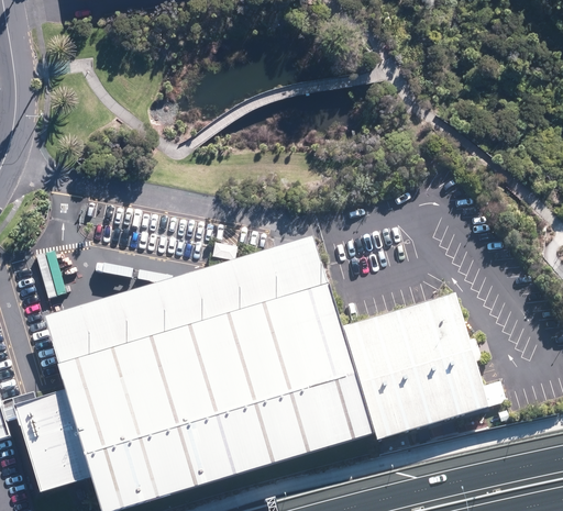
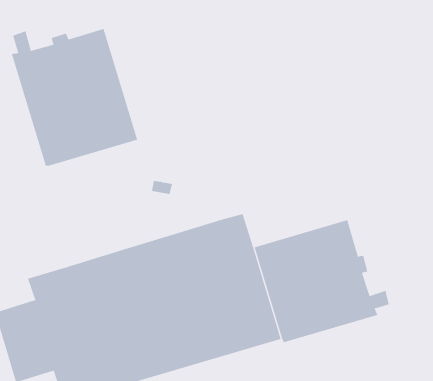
building: none -> [11,28,138,167]
building: [44,237,323,362] -> none

